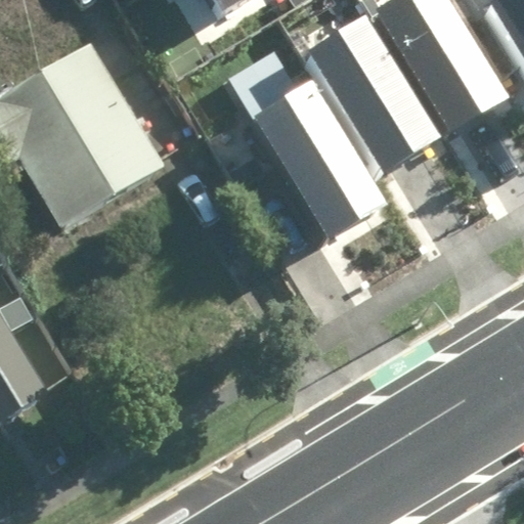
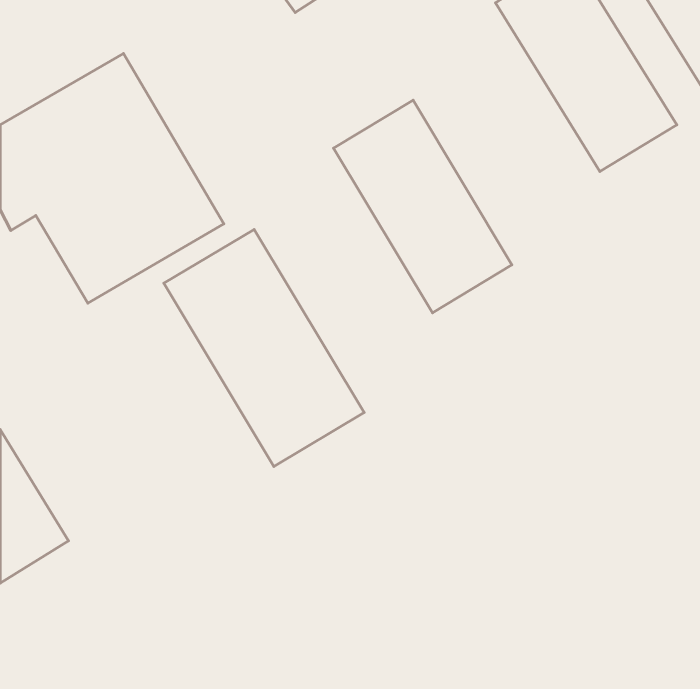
building: [304,10,438,168] -> none
building: none -> [164,229,364,466]

